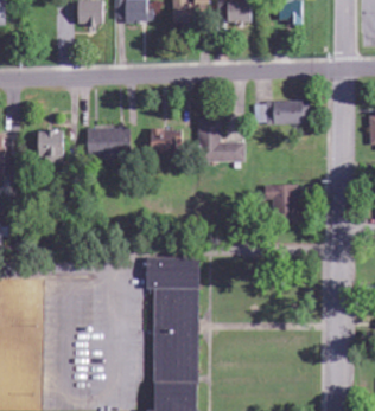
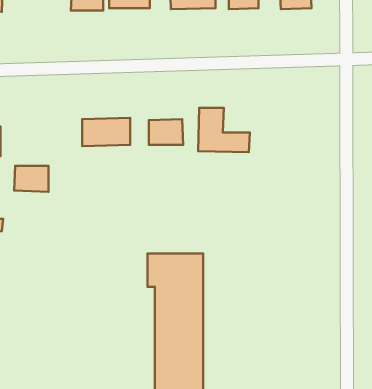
building: [253,101,307,123] -> none
building: [34,130,68,155] -> [14,166,49,192]
building: [266,184,299,213] -> none

